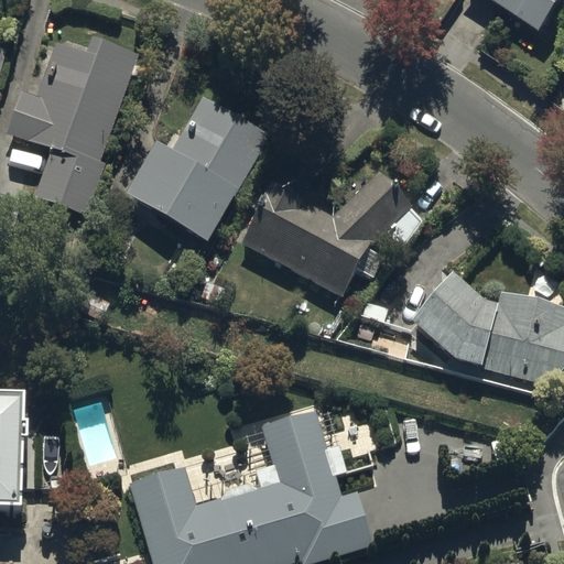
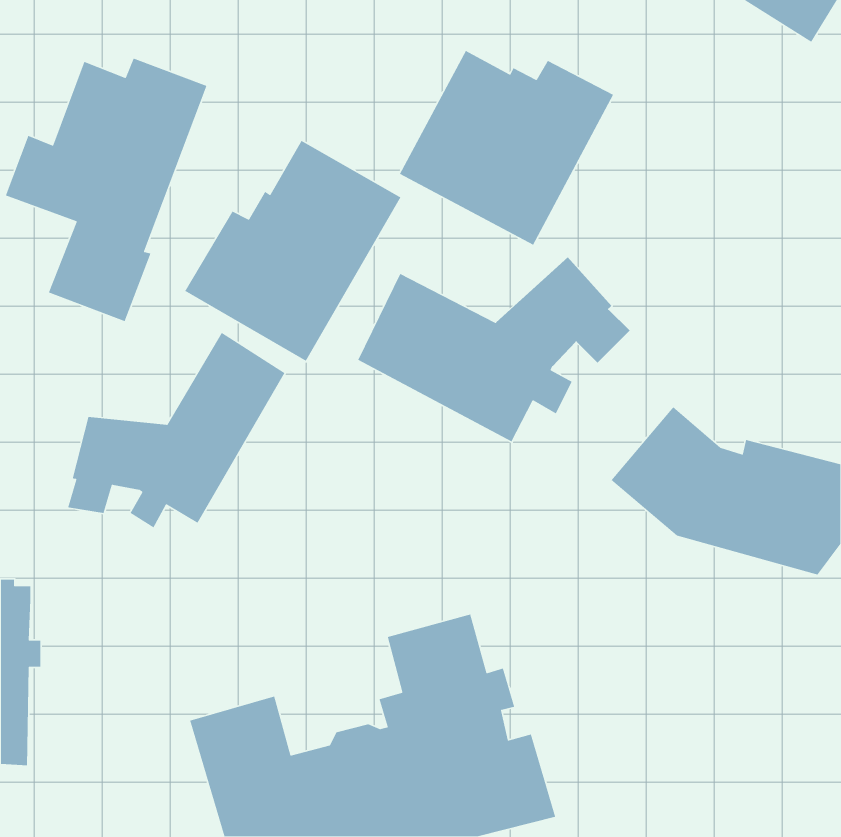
building: none -> [399,50,614,246]
building: none -> [67,332,286,528]

